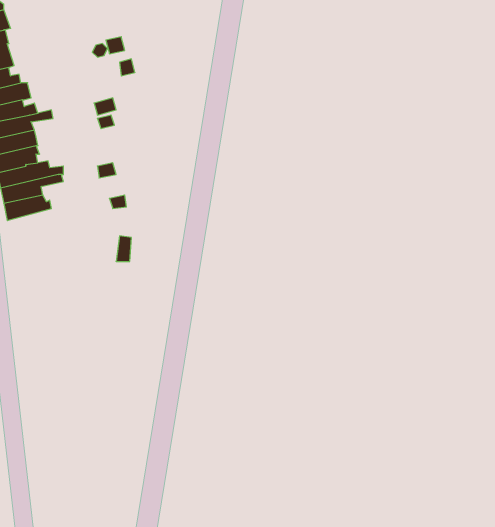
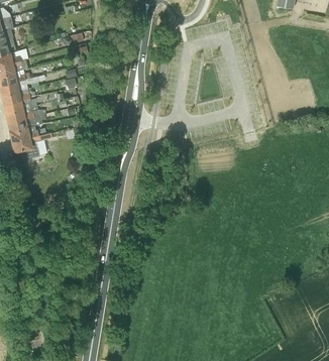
building: none -> [11,135,38,158]

